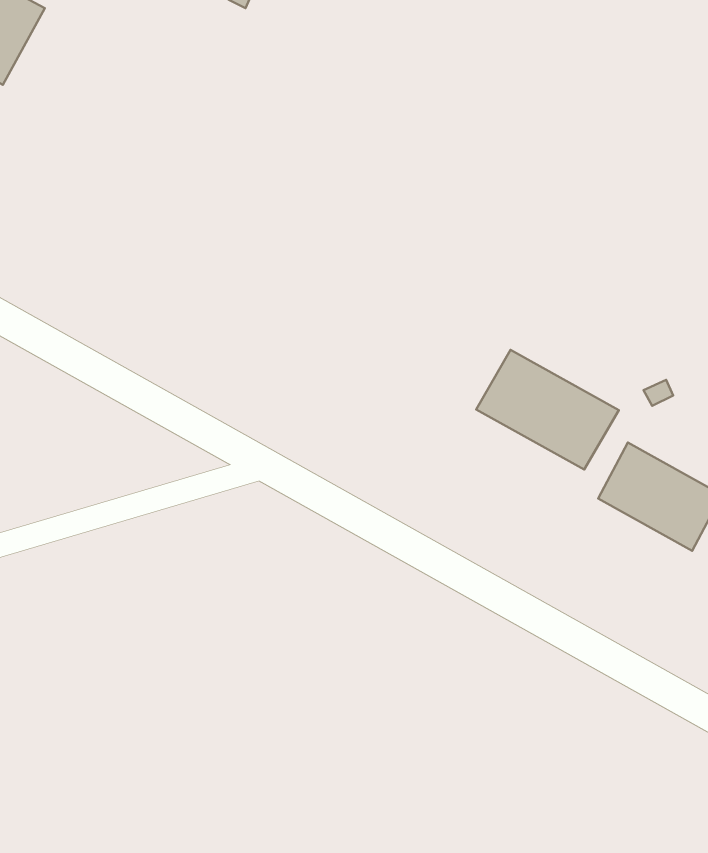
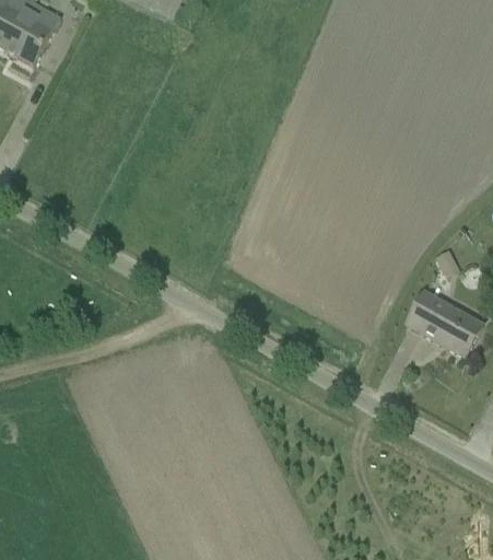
building: [476,350,619,469] -> none

